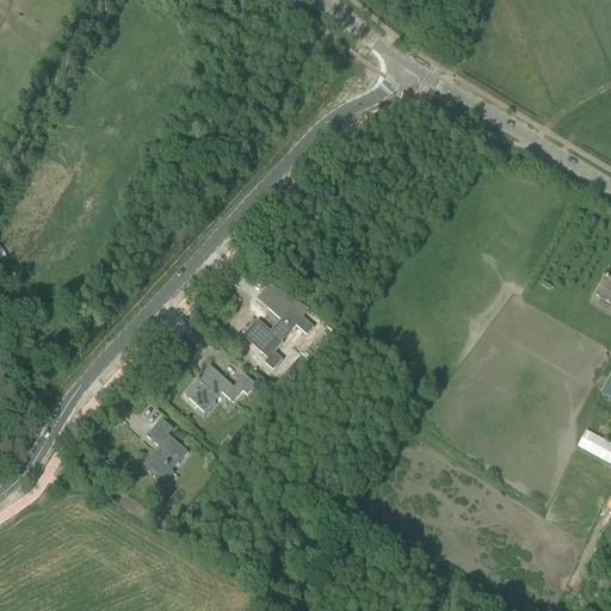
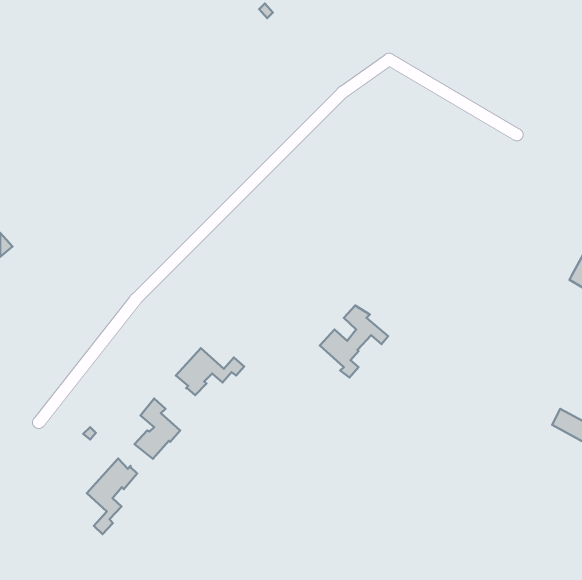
building: [243,292,315,368] -> [320,305,388,377]
building: none -> [87,459,137,534]

